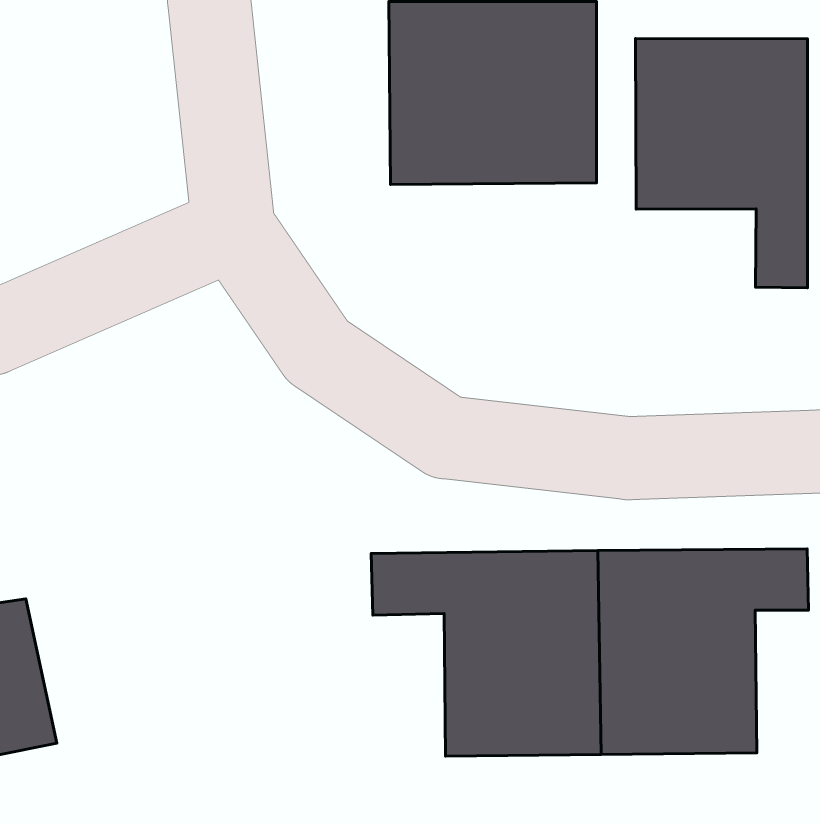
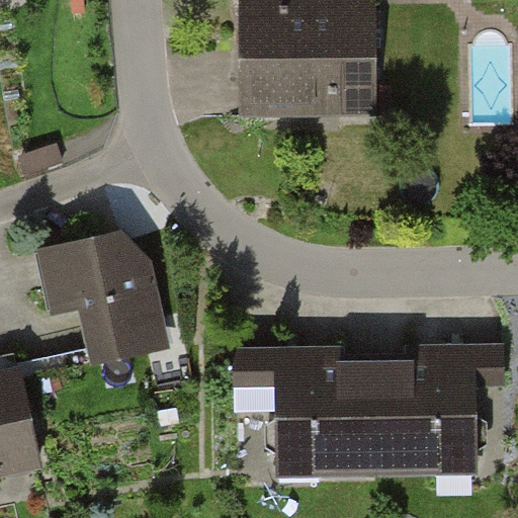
building: [636,38,807,288] -> none
building: none -> [42,235,164,360]

